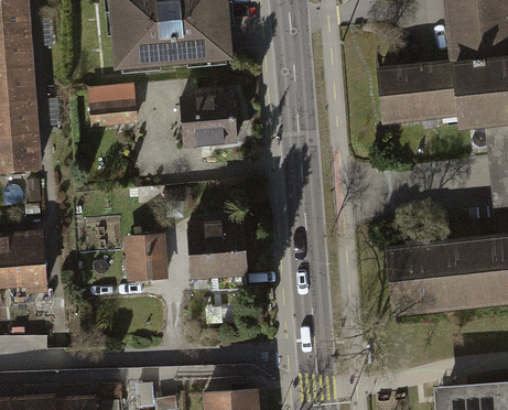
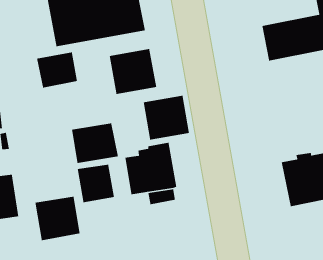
building: none -> [143,95,190,140]
building: none -> [71,122,119,164]
building: none -> [35,196,80,241]

